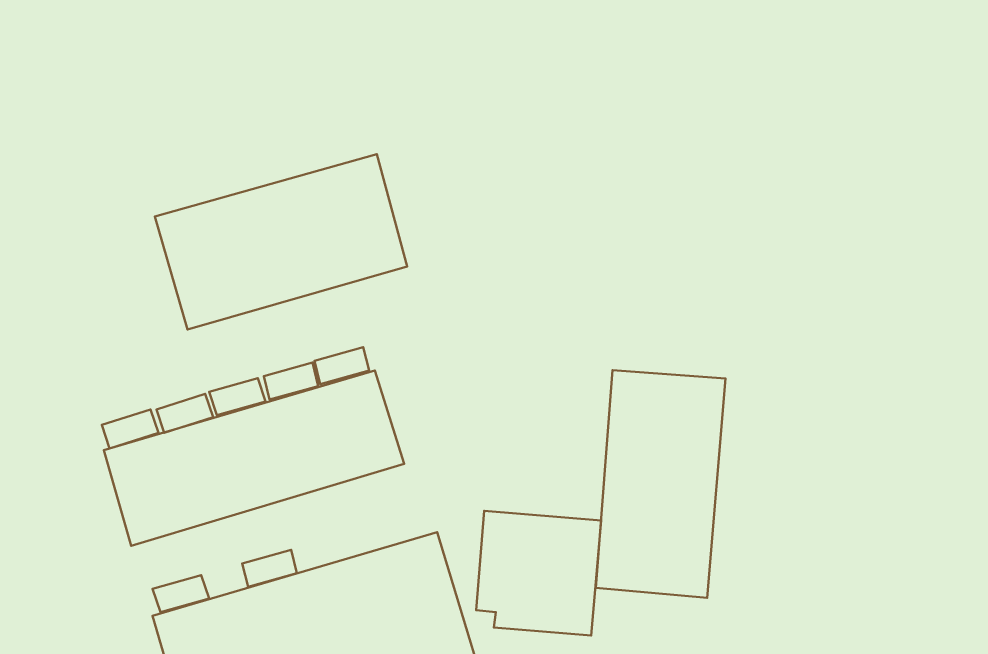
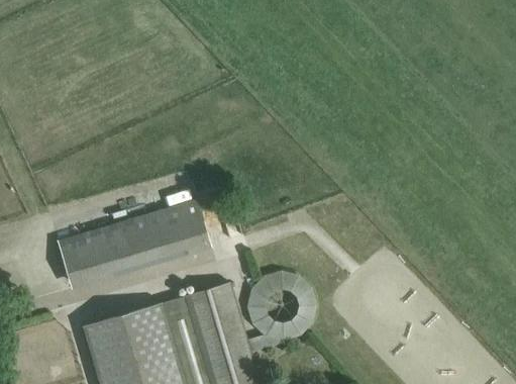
building: [155,154,407,329] -> none
building: [596,370,725,598] -> none

